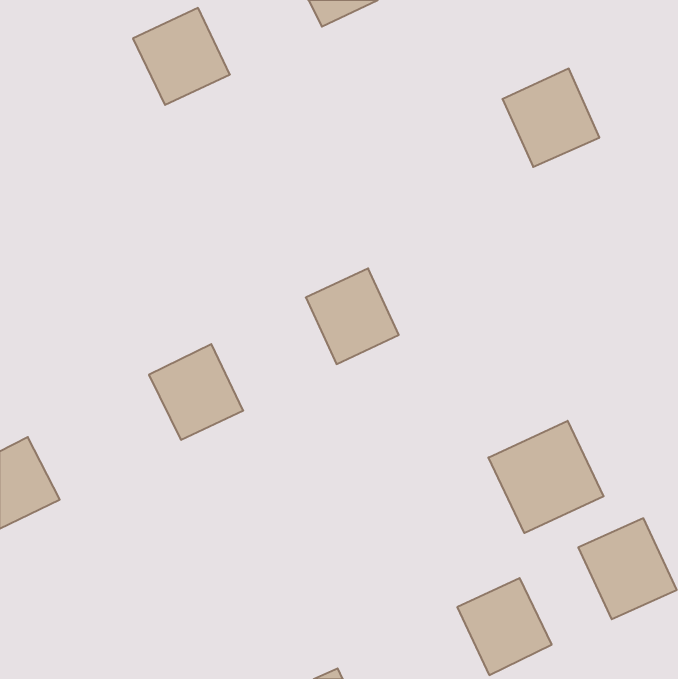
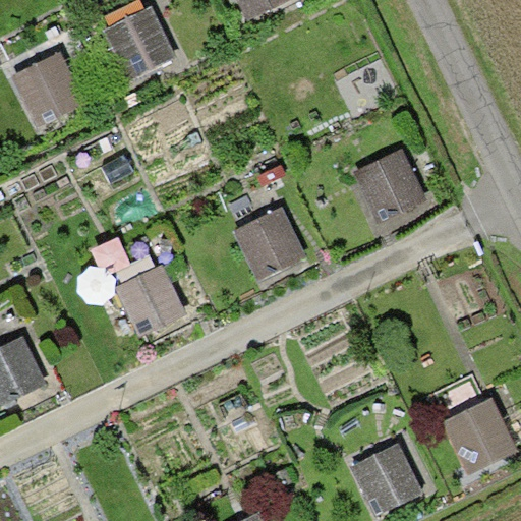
building: none -> [11,52,85,128]
building: [502,69,599,167] -> [351,148,425,223]
building: [488,421,604,533] -> none

